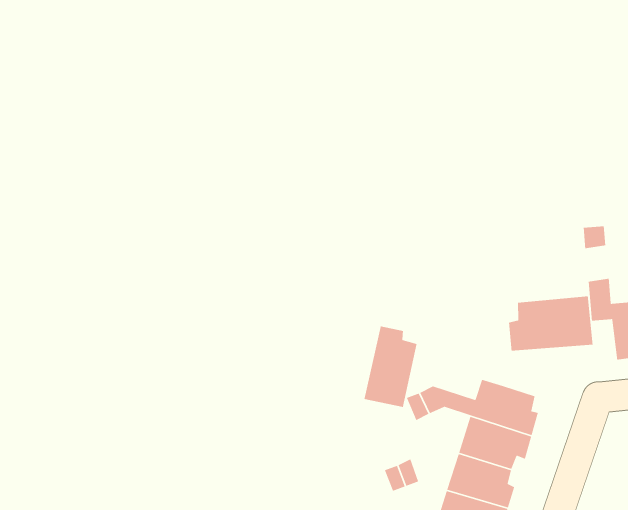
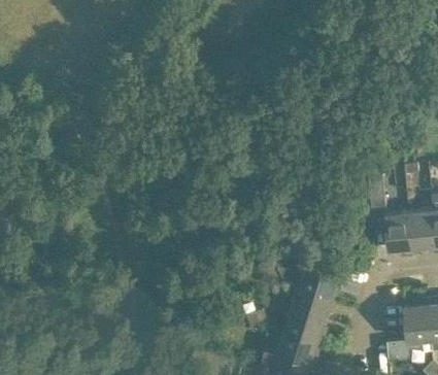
building: [508,296,593,351] -> none
building: [363,326,417,408] -> none

